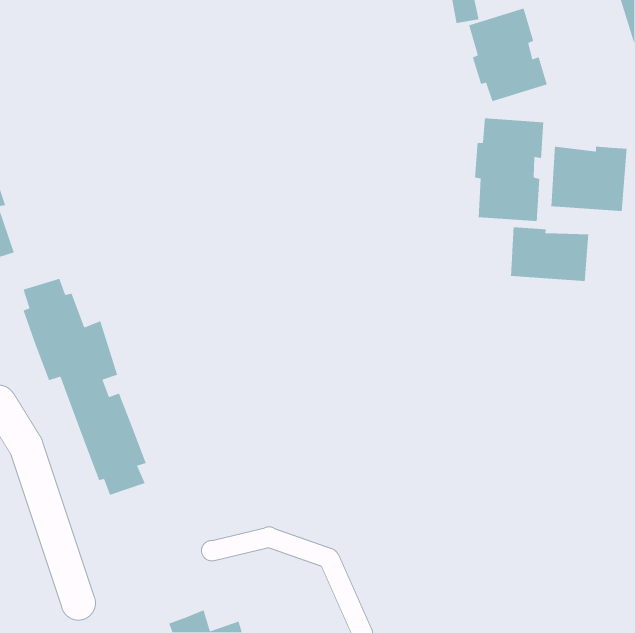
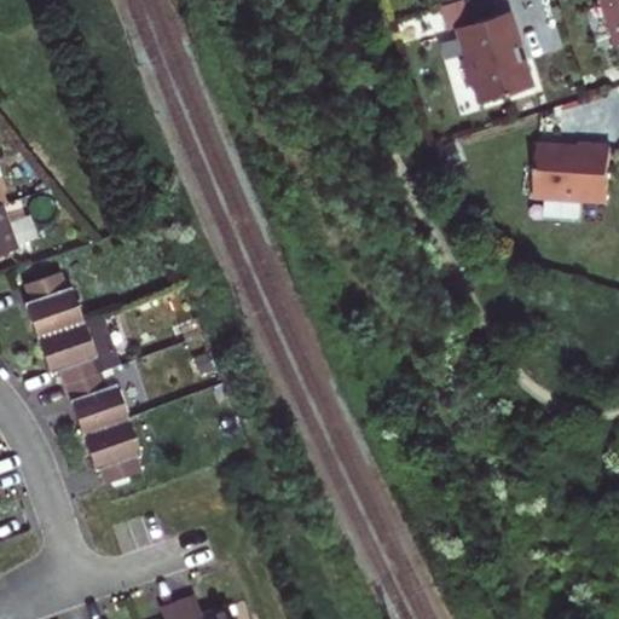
building: [474,118,544,222] -> none
building: [510,227,589,282] -> none

